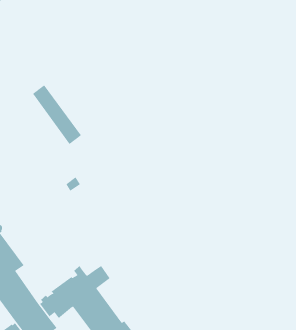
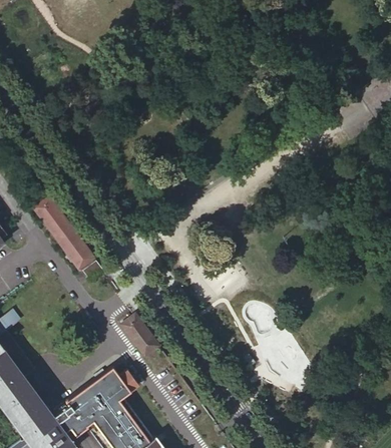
building: [32,85,82,145] -> [35,197,95,271]
building: none -> [121,314,159,357]

